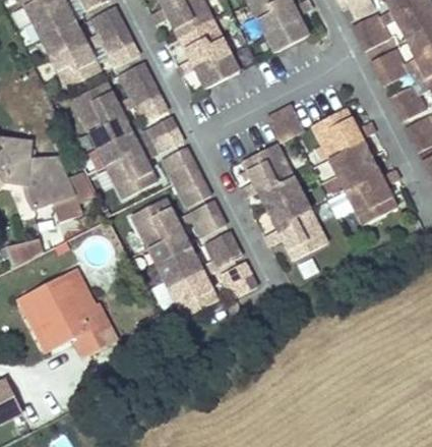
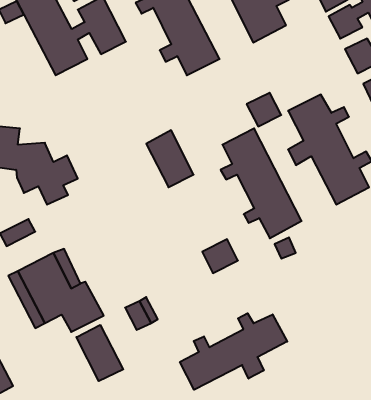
building: [71,59,185,198] -> none
building: [130,197,243,316] -> none
building: none -> [180,313,287,390]
building: none -> [76,325,123,381]

